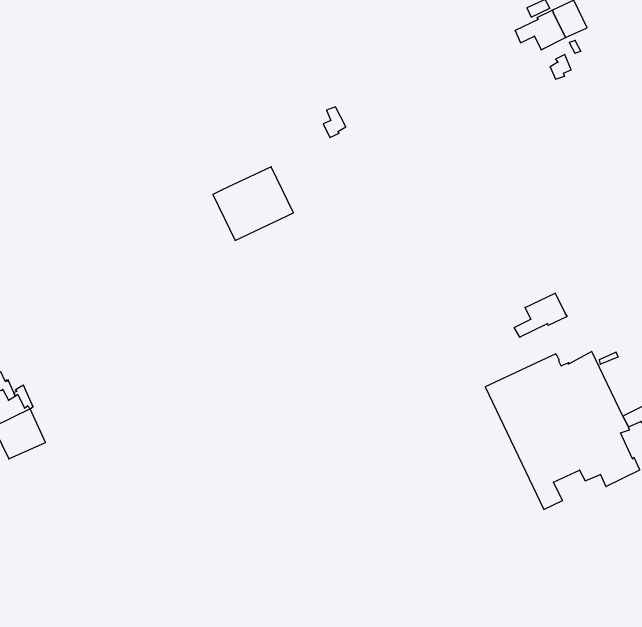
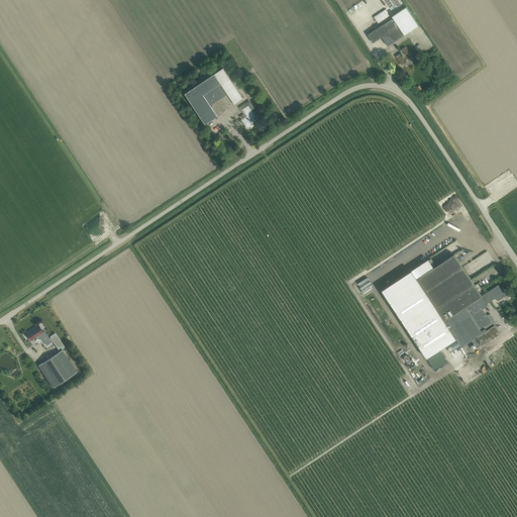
building: [213,167,293,240] -> [184,69,242,124]
building: [514,293,567,337] -> none

